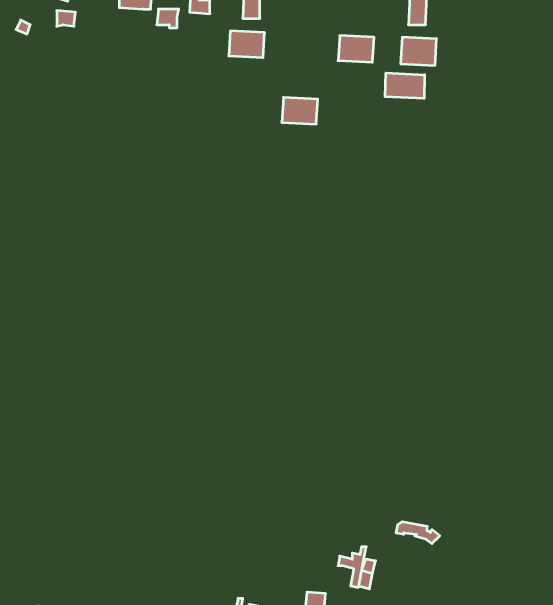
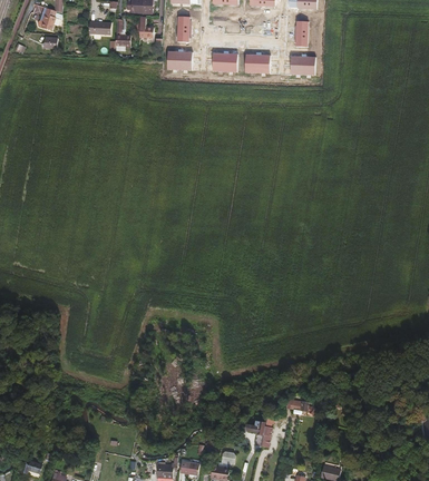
building: [385,73,425,98] -> none
building: [282,97,318,124] -> [211,52,236,71]

